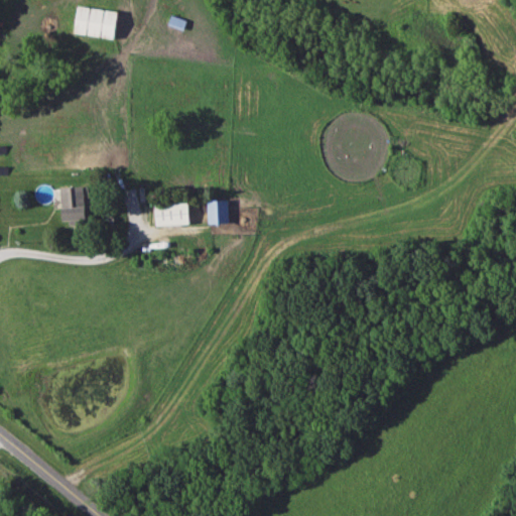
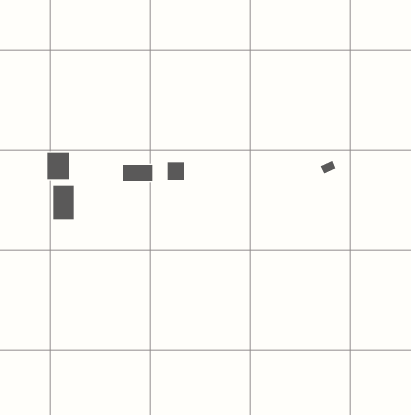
building: [73,6,120,39] -> none
building: none -> [53,185,74,220]

